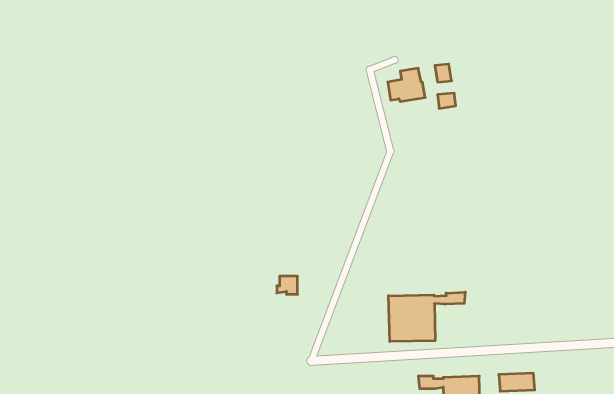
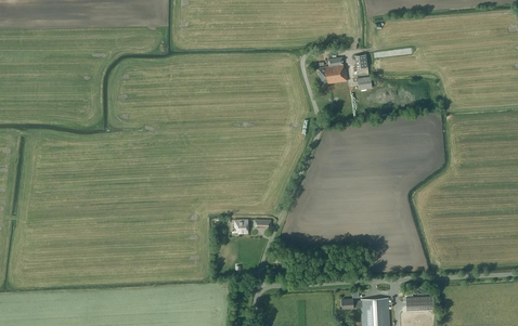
building: [388,292,465,342] -> none

